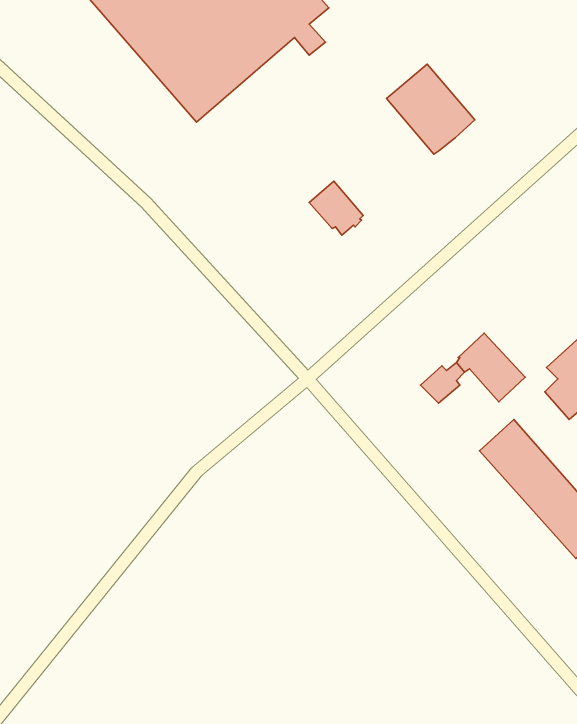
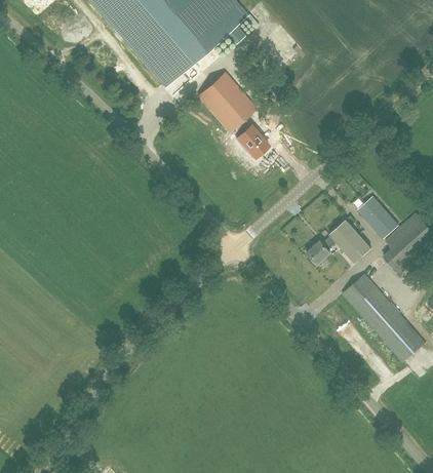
building: [386,64,475,154] -> [200,74,255,130]
building: none -> [358,197,398,238]

